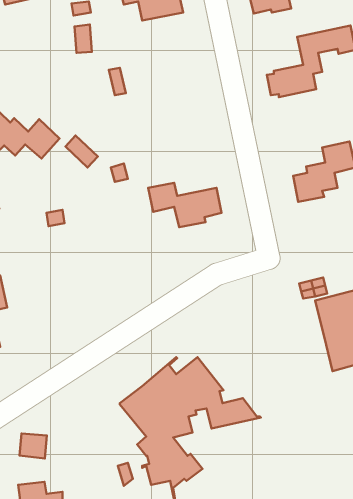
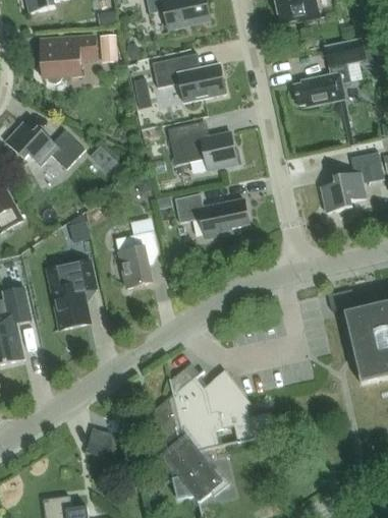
building: none -> [40,35,97,81]
building: none -> [152,55,226,102]
building: none -> [168,122,240,169]
building: none -> [116,229,159,287]
building: none -> [47,260,95,328]
building: [20,433,47,459] -> [88,426,115,452]

